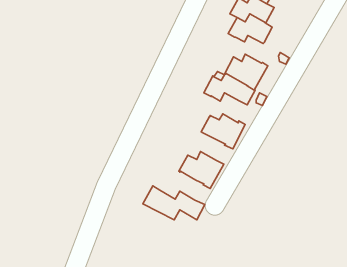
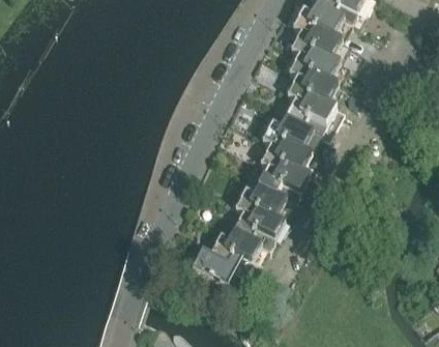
building: none -> [288,73,339,105]
building: none -> [260,139,312,173]
building: none -> [235,184,287,216]
building: none -> [211,229,262,262]

